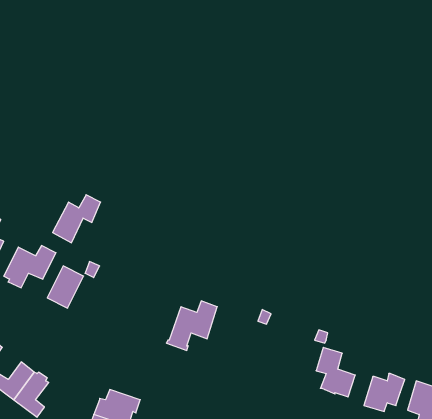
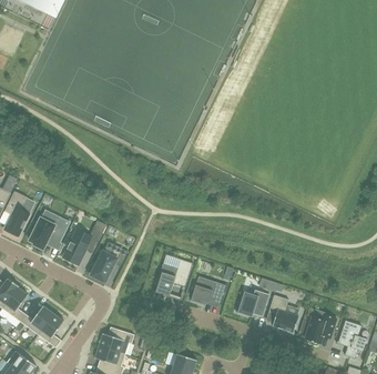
building: [53,195,101,243] -> [90,245,126,282]
building: none -> [190,275,225,304]
building: none -> [235,290,268,316]

